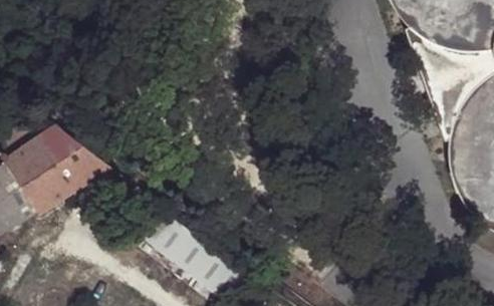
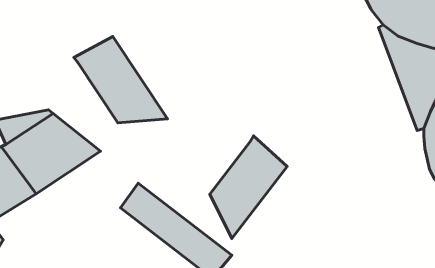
building: none -> [74,36,167,123]
building: none -> [210,136,287,239]

